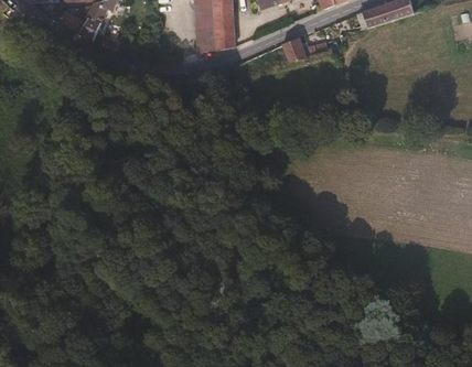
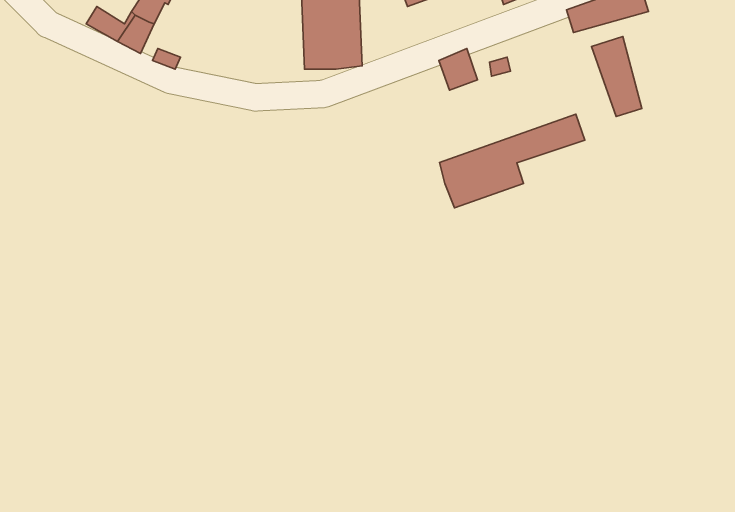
building: none -> [591,37,642,117]
building: none -> [440,114,585,208]

